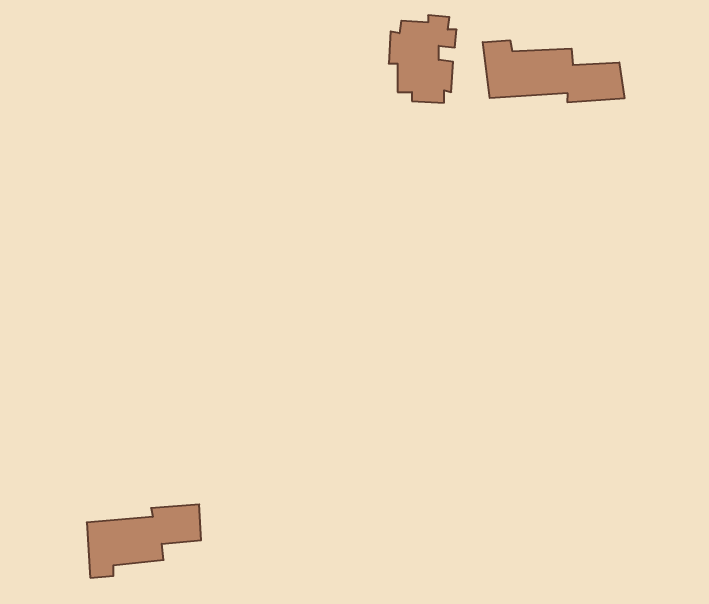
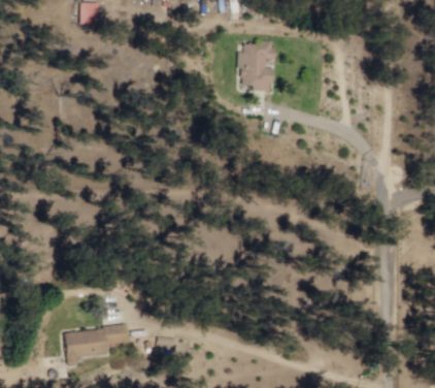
building: [483,40,624,102] -> none

